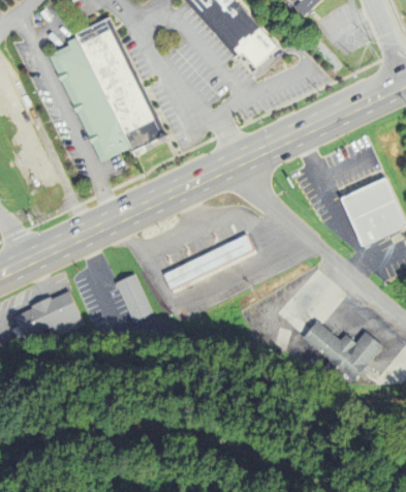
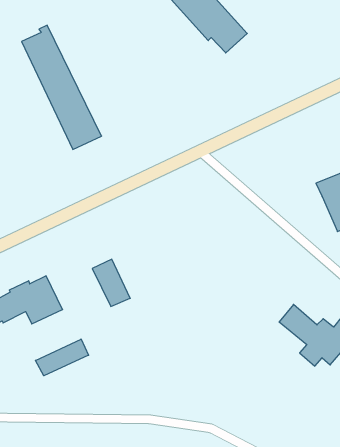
building: [71,20,156,149] -> none
building: [166,233,257,289] -> none
building: none -> [35,339,89,376]

